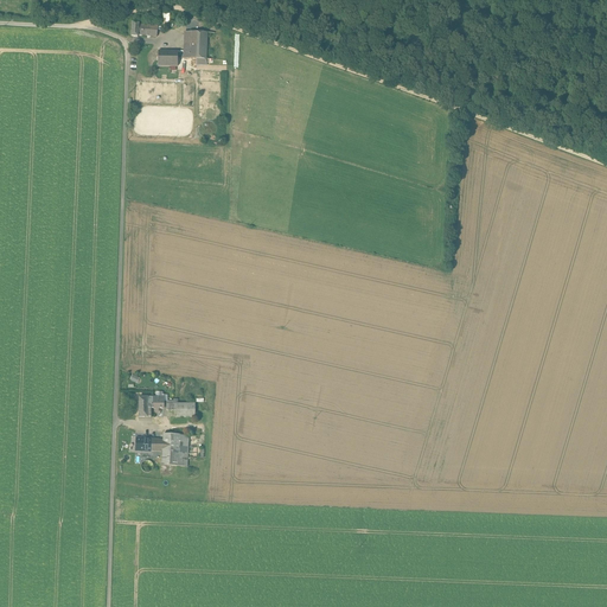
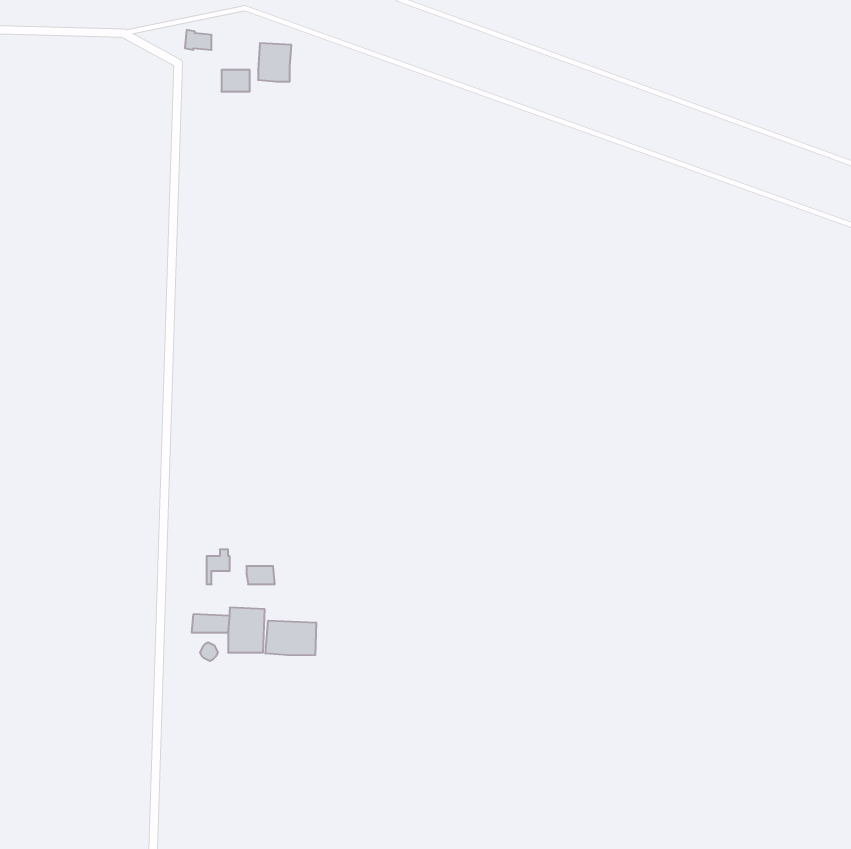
building: none -> [265,621,316,655]

